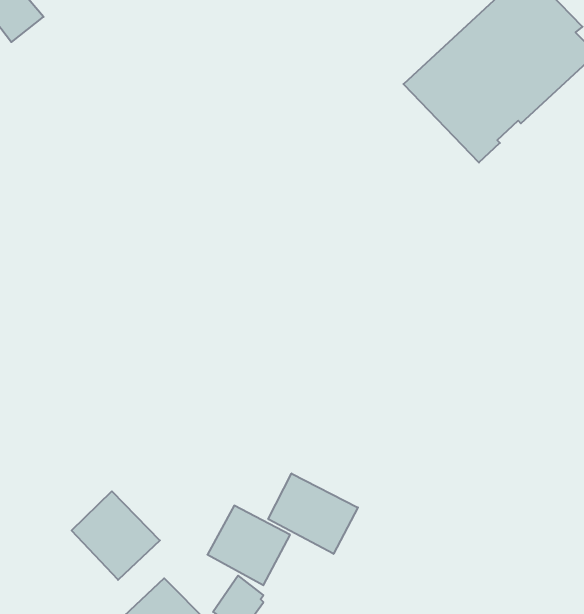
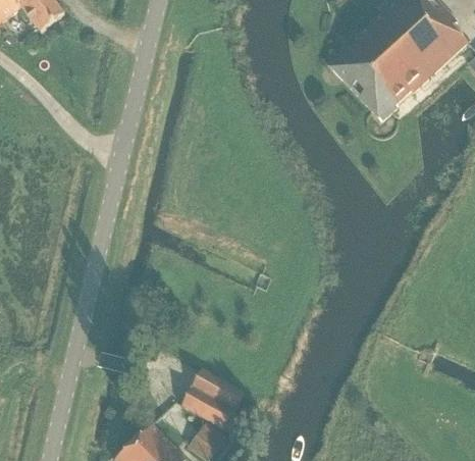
building: [268,473,358,554] -> none
building: [72,491,160,580] -> none

